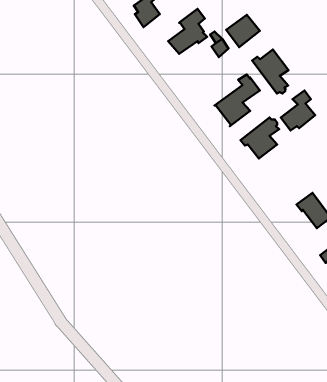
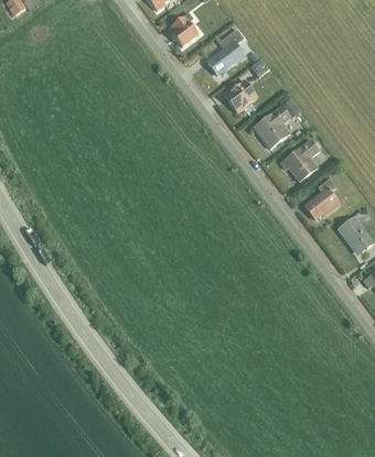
building: [226,15,260,47] -> [223,79,257,112]
building: [252,50,288,94] -> none
building: [281,91,315,130] -> [304,177,340,218]

